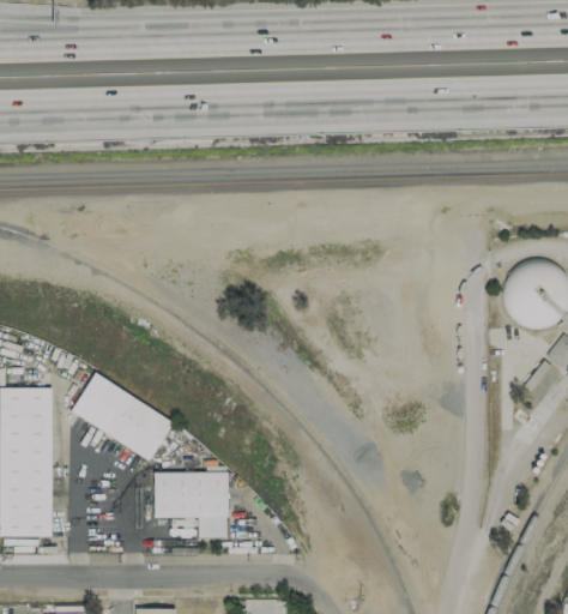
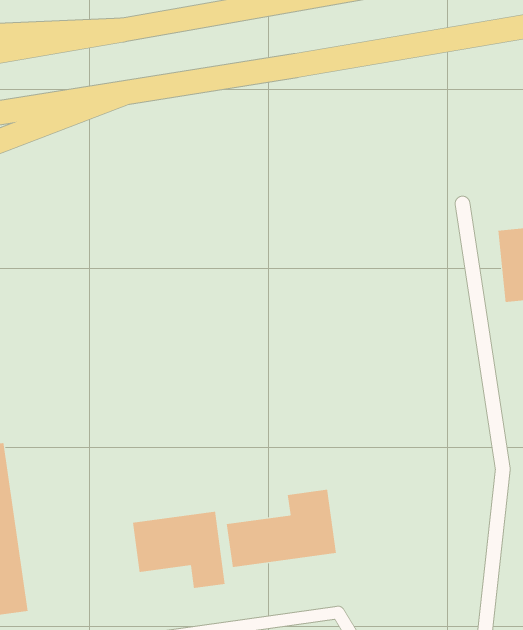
building: [71,374,174,459] -> none
building: none -> [226,489,336,568]

